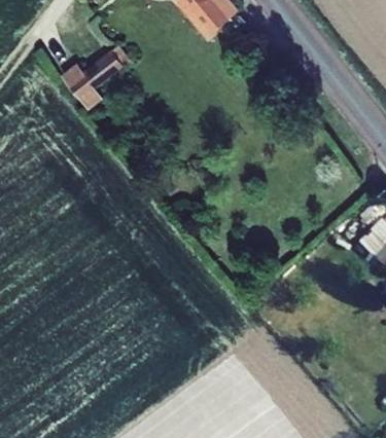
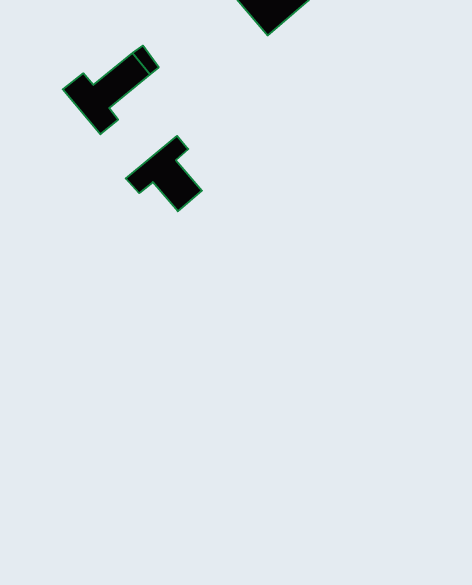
building: none -> [126,136,202,211]

